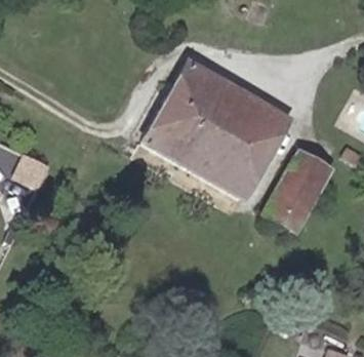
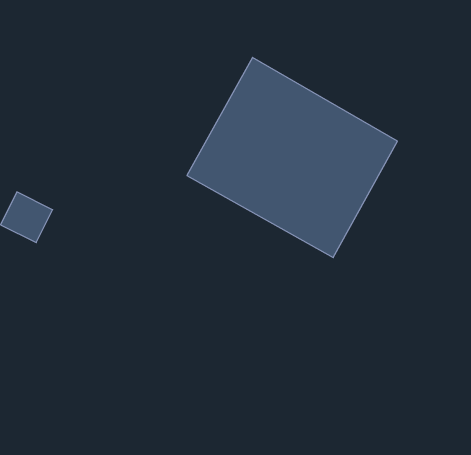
building: [266,153,330,231] -> none

